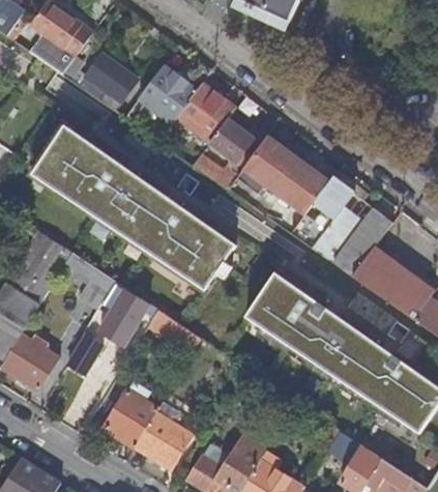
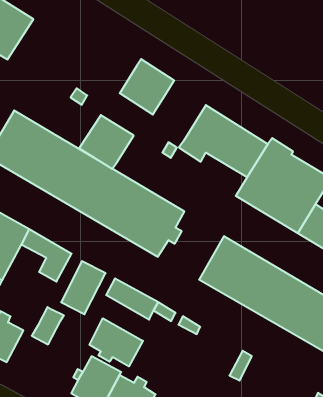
building: [79,53,137,110] -> none
building: [139,65,197,122] -> [79,115,134,169]
building: [210,118,254,161] -> none
building: none -> [89,318,143,366]

